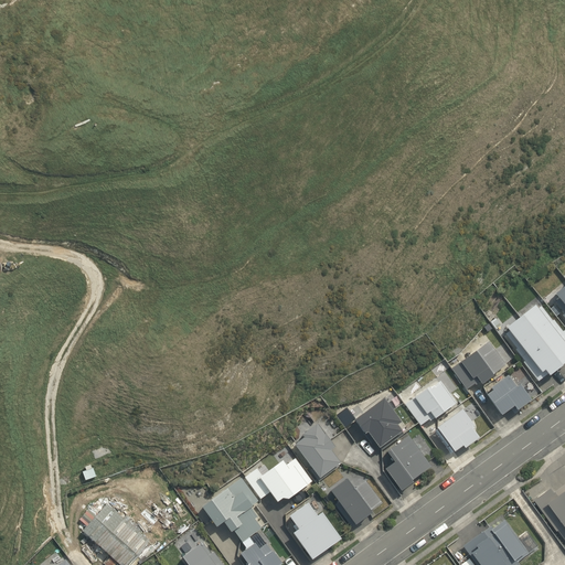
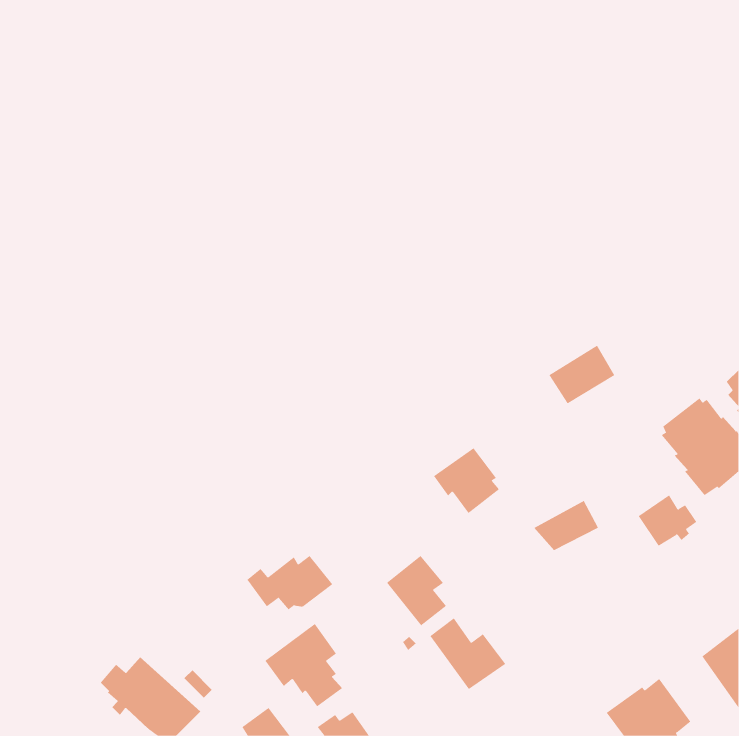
building: [454,341,504,386] -> [548,345,615,404]
building: [354,398,405,449] -> [433,447,500,514]
building: [438,411,481,452] -> none
building: [385,436,433,493] -> none
building: [245,457,311,499] -> [246,555,333,610]
building: [290,502,338,554] -> none

